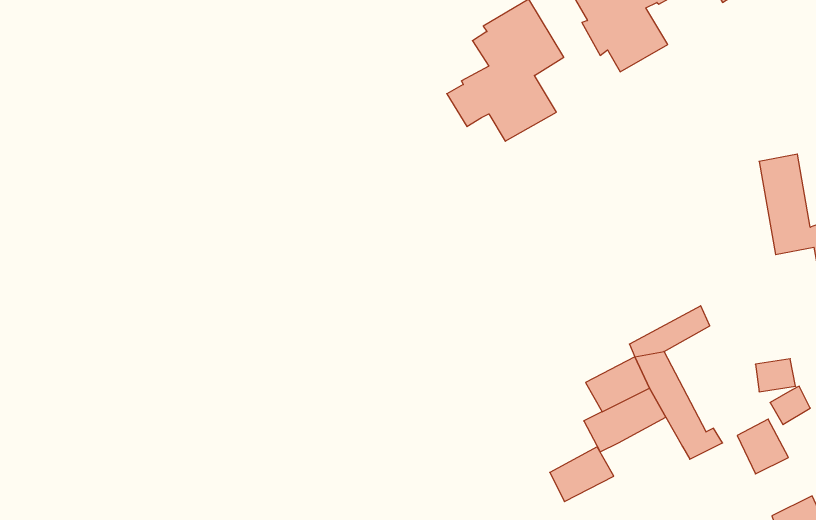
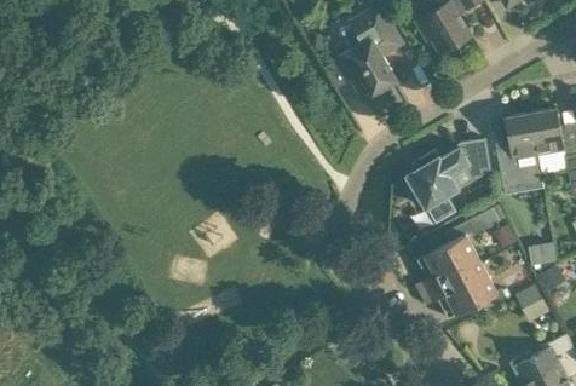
building: none -> [497,114,542,188]
building: none -> [405,140,491,225]
building: [550,447,614,502] -> [438,283,480,319]

